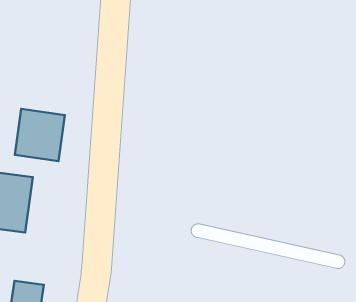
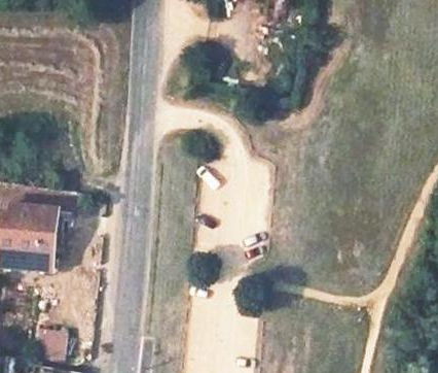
building: [15,109,65,161] -> none

